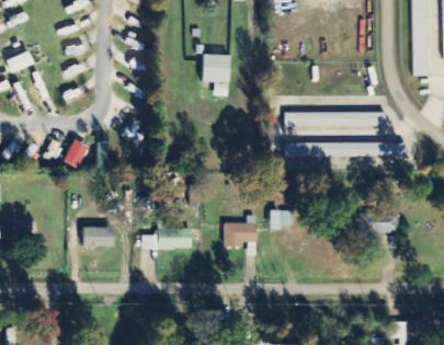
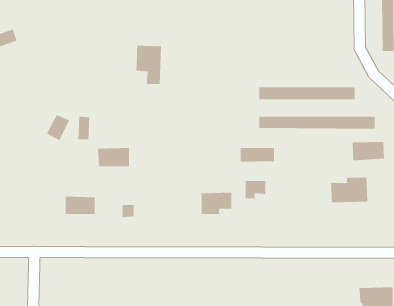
building: [202,54,229,95] -> [135,45,162,85]
building: none -> [352,141,385,161]
building: none -> [240,147,275,163]
building: [157,227,191,248] -> [97,147,130,167]

